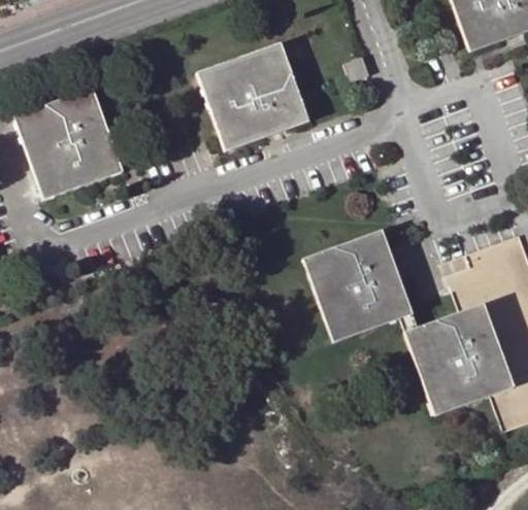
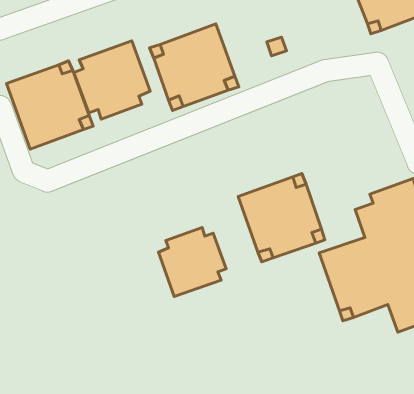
building: none -> [74,41,150,119]
building: none -> [158,228,226,297]

